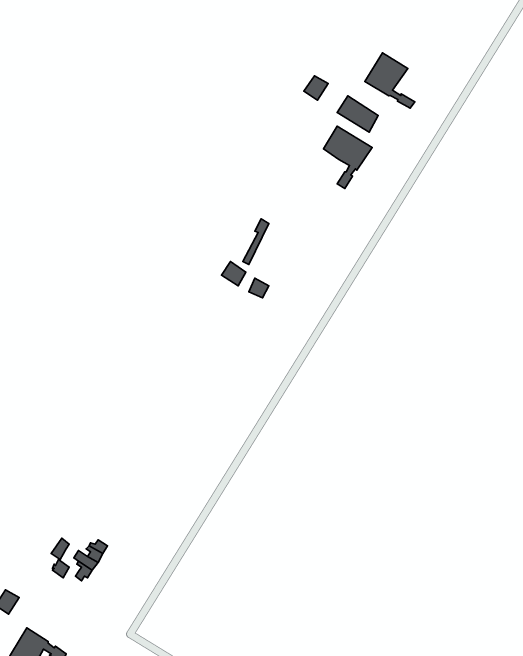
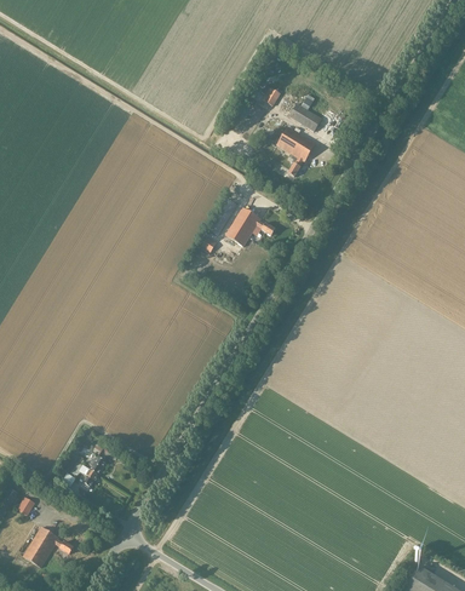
building: [365,53,415,108] -> none
building: none -> [225,208,275,247]

